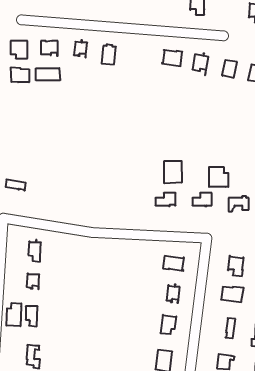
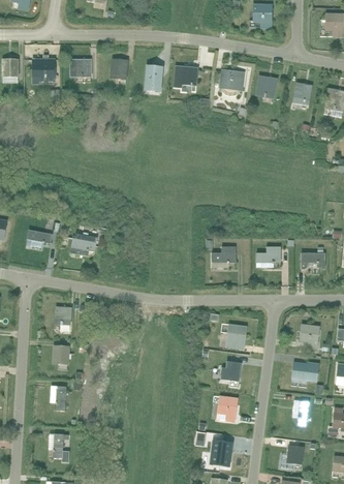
building: none -> [173,65,197,87]
building: [11,67,29,82] -> none
building: [36,68,60,80] -> none
building: [164,161,182,183] -> none
building: [209,167,228,187] -> none
building: none -> [69,233,96,255]
building: [6,303,21,326] -> none

